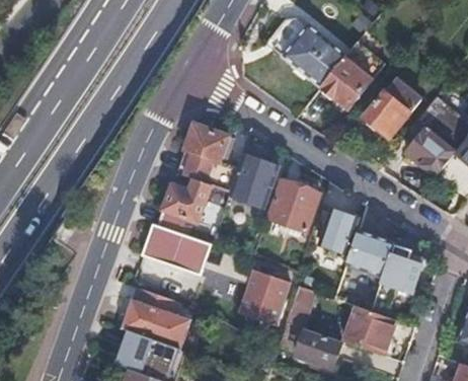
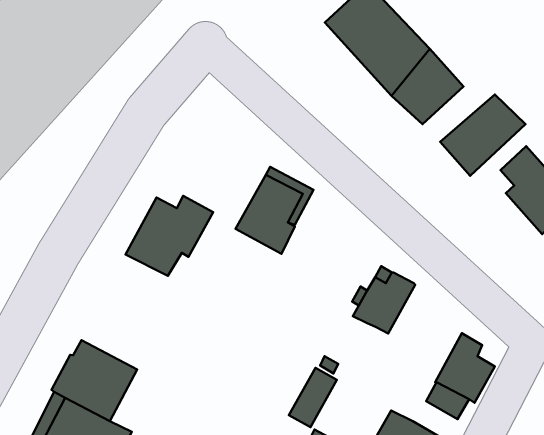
building: [175,126,237,194] -> none
building: [268,182,320,233] -> none
building: [142,225,214,275] -> none
building: [346,230,395,278] -> none
building: [240,271,290,324] -> none

